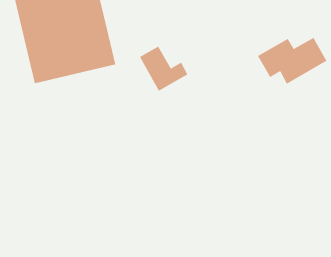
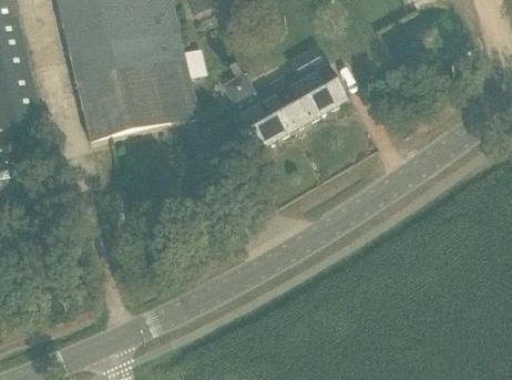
building: [257,37,327,85] -> [252,61,344,123]

